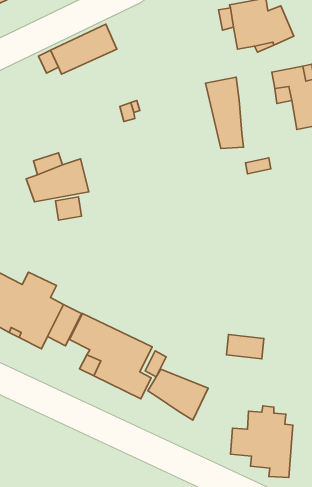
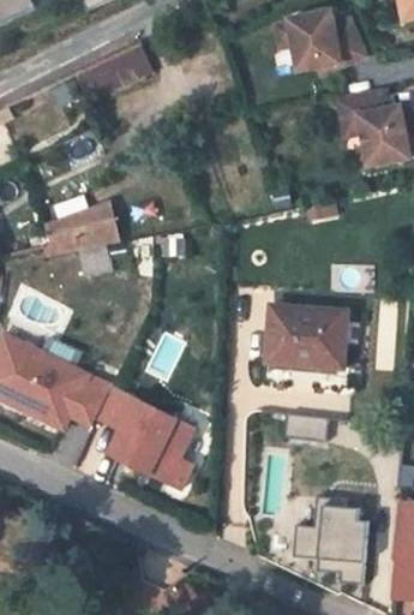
building: [205,77,243,149] -> none
building: none -> [266,306,347,366]
building: [148,369,208,420] -> none

